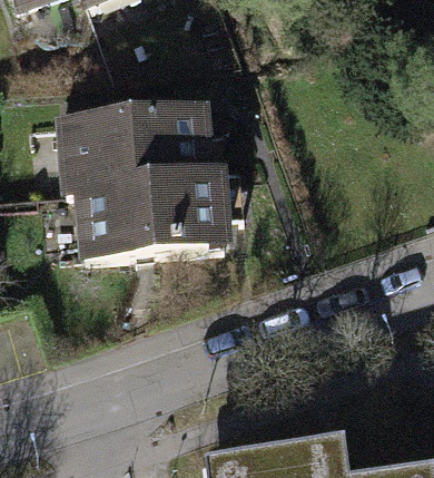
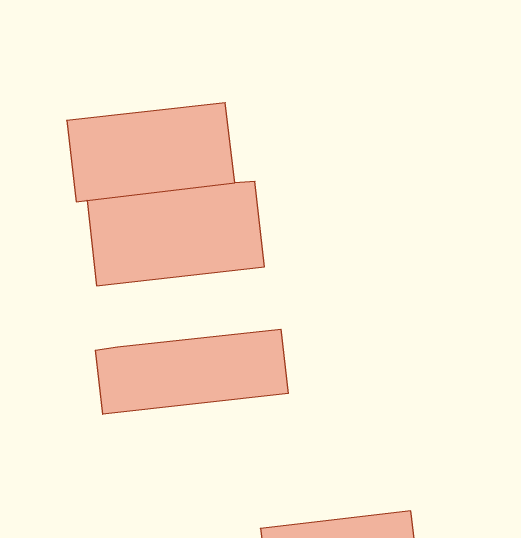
building: none -> [95,329,288,414]

